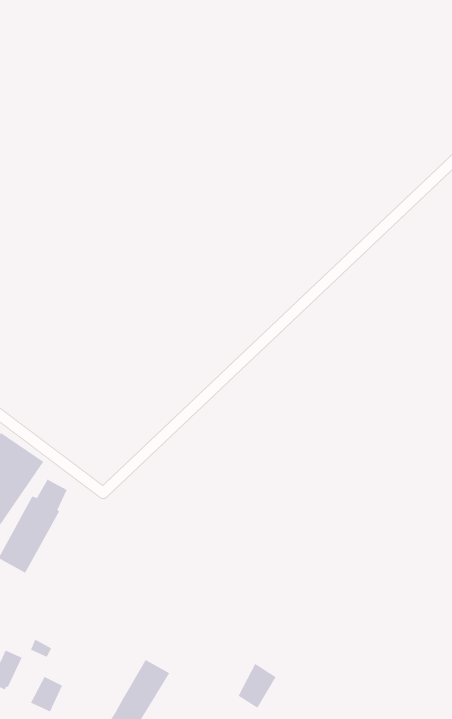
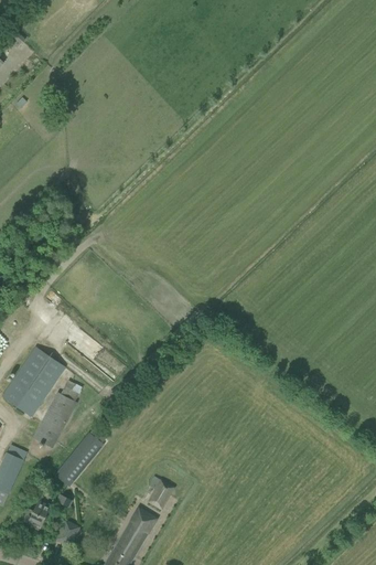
building: none -> [54,426,107,487]
building: [238,663,277,708] -> [147,478,174,510]

